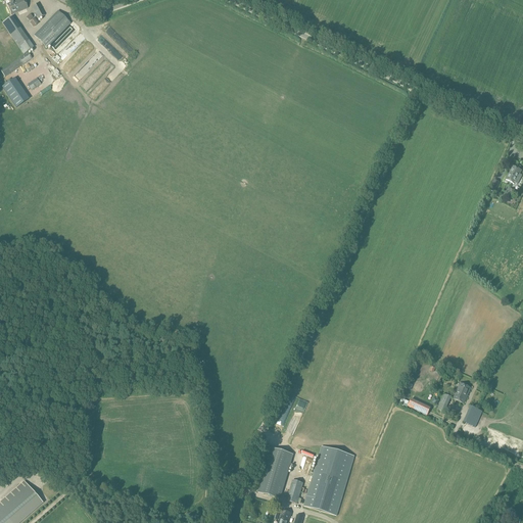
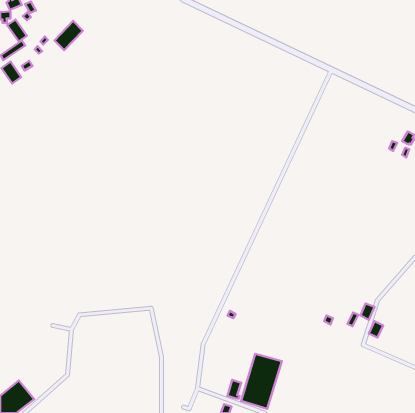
building: [35,9,70,46] -> [55,21,83,50]
building: [258,447,295,498] -> none

